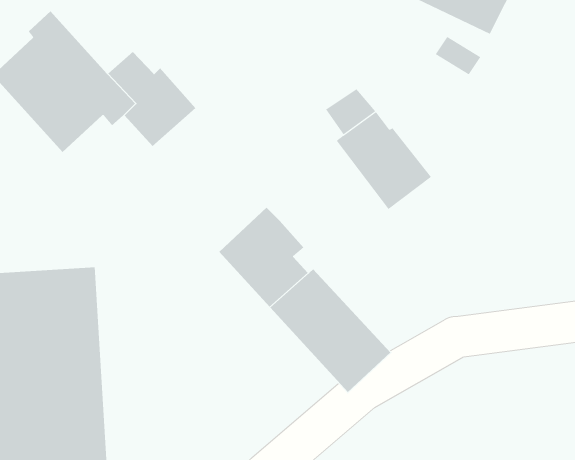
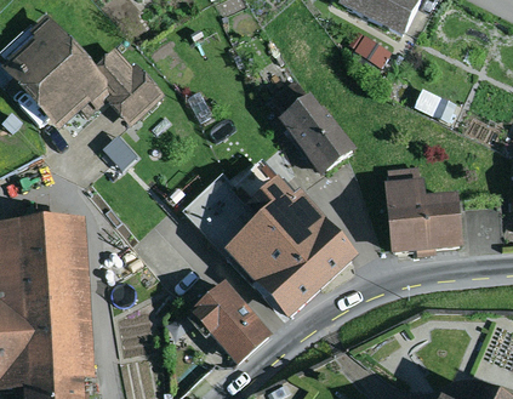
building: none -> [234,156,358,289]
building: none -> [384,161,463,253]
building: none -> [190,279,273,364]

